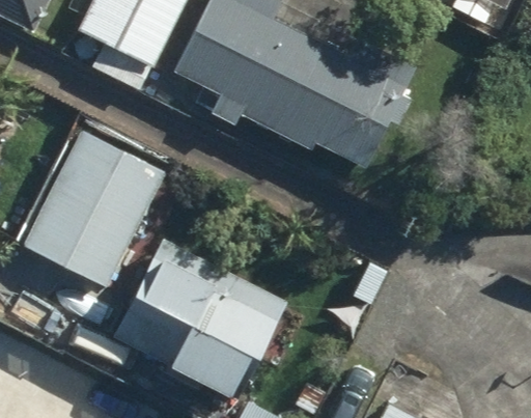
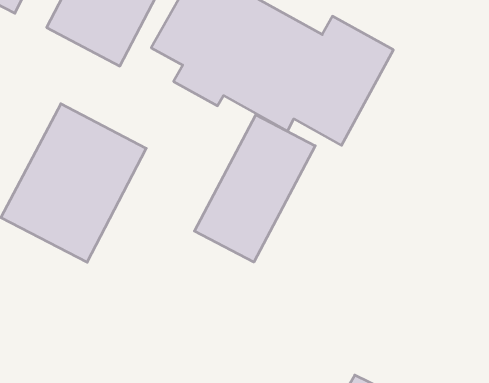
building: none -> [194,115,315,262]
building: [112,234,288,398] -> none

